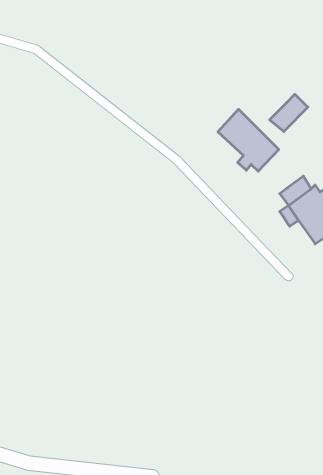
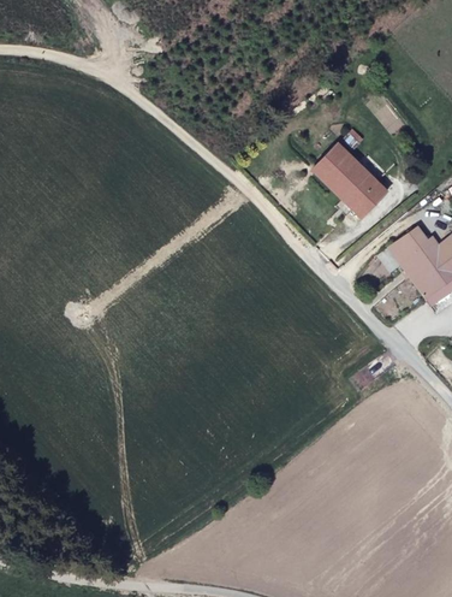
building: [270,94,308,132] -> none

